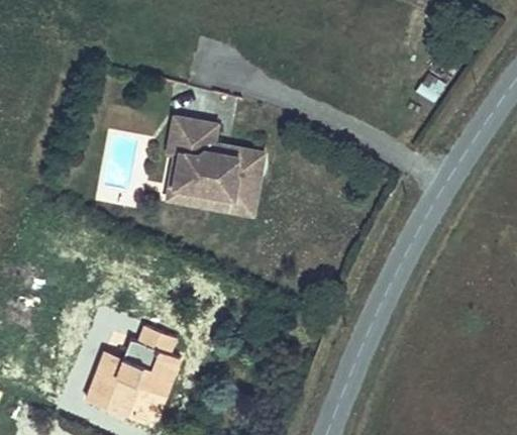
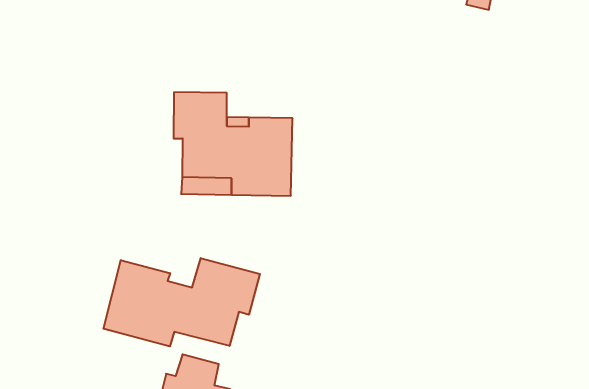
building: none -> [103,258,260,346]

